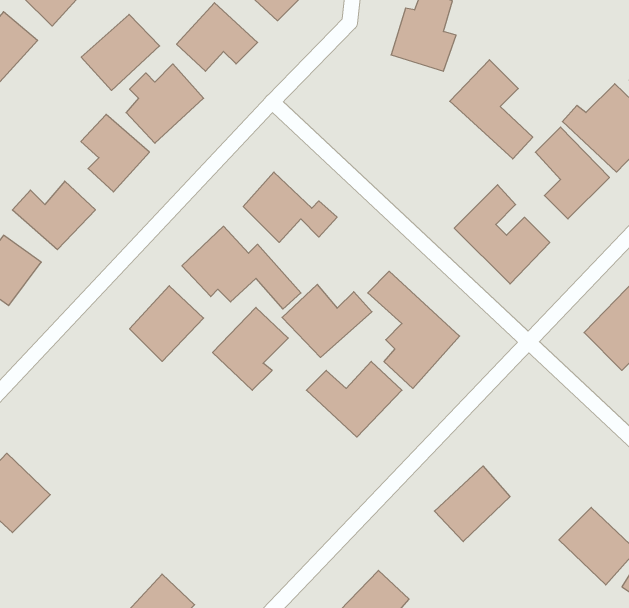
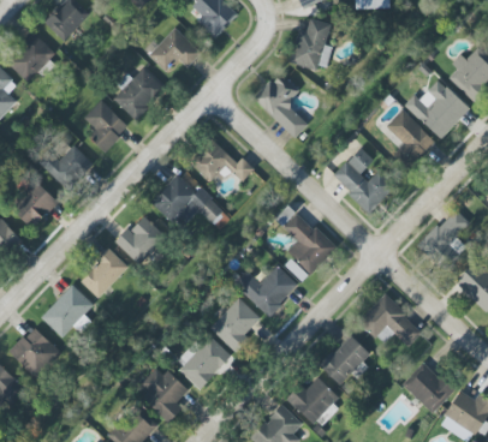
building: [81,14,160,90] -> none
building: [450,60,533,159] -> [252,71,308,137]
building: [282,284,372,357] -> none
building: [213,307,288,390] -> [209,297,260,352]
building: none -> [79,249,127,298]
building: none -> [41,283,94,336]
building: none -> [358,294,422,346]
building: none -> [173,335,231,388]
building: none -> [136,364,186,420]
building: none -> [285,377,337,423]

